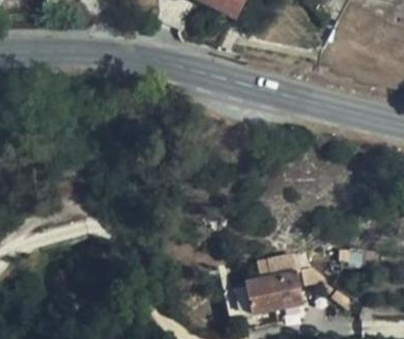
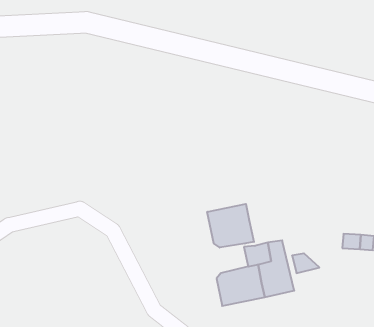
building: none -> [207,204,254,248]

